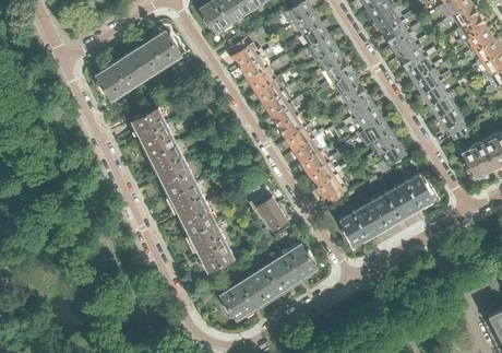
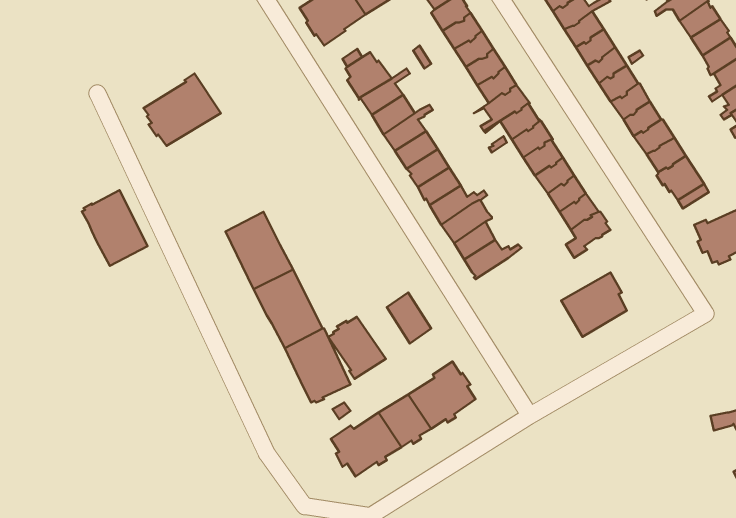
building: [130,31,181,78] -> none
building: [132,106,176,156] -> [82,190,148,266]
building: [316,174,349,203] -> none
building: [406,174,434,209] -> none
building: [339,202,387,245] -> none
building: none -> [328,317,386,379]

